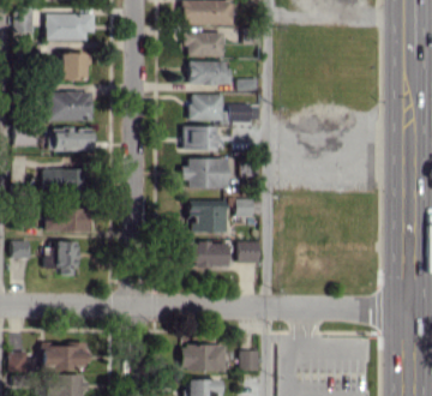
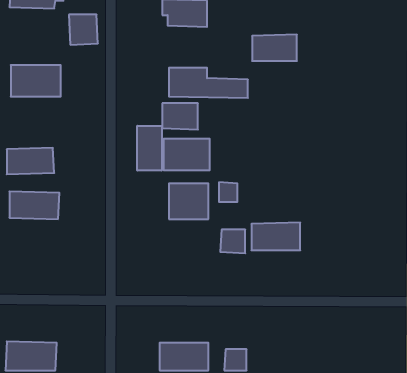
building: [59,53,85,80] -> [69,15,98,45]
building: [188,60,229,84] -> [252,35,297,61]
building: [52,127,91,151] -> none
building: none -> [137,126,162,171]
building: [44,240,78,275] -> none
building: [184,241,228,266] -> [251,223,300,250]

